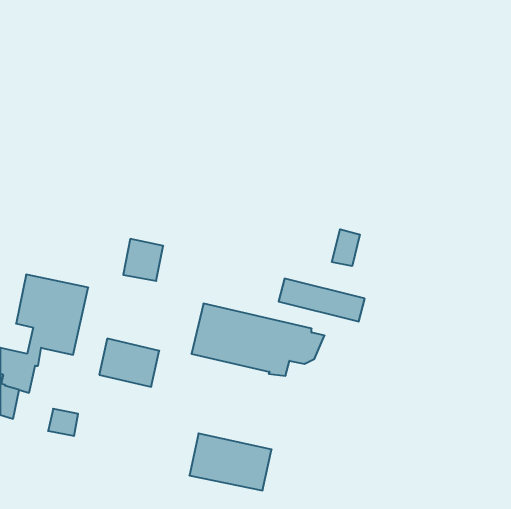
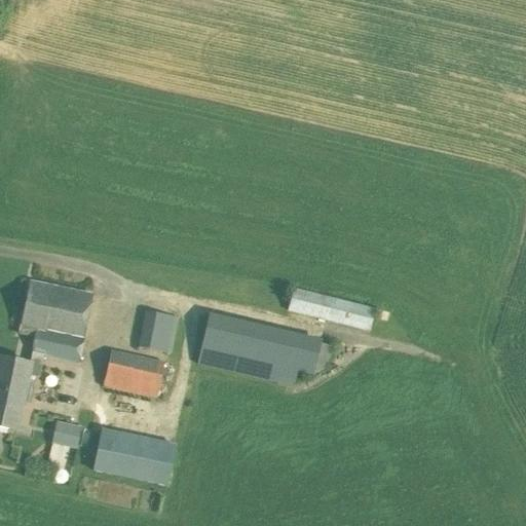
building: [332,229,360,266] -> none
building: [123,239,163,281] -> [138,308,179,351]
building: [189,433,272,490] -> [92,426,177,485]

